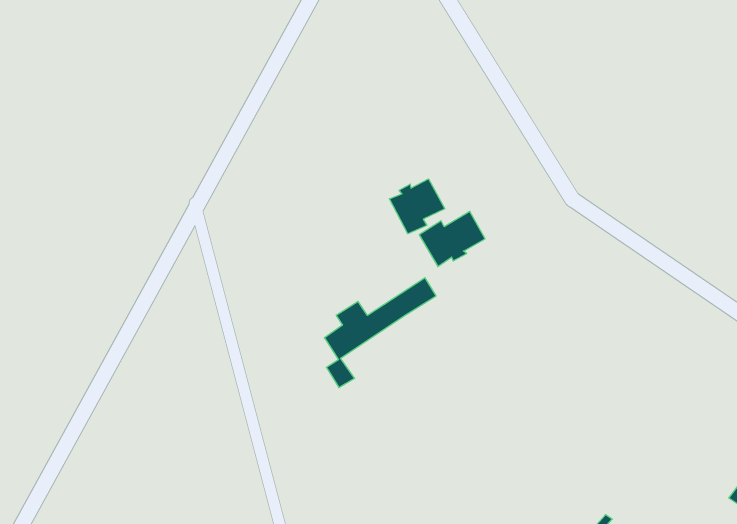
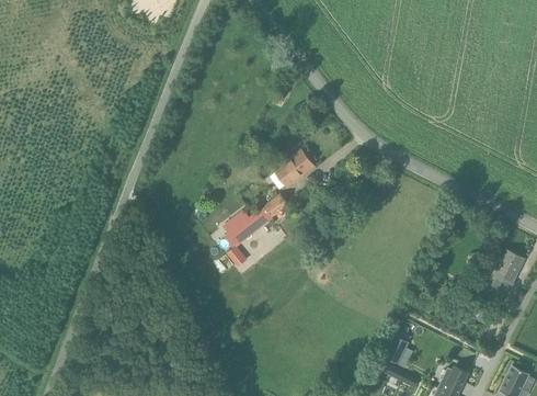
building: [389,179,445,234] -> none

